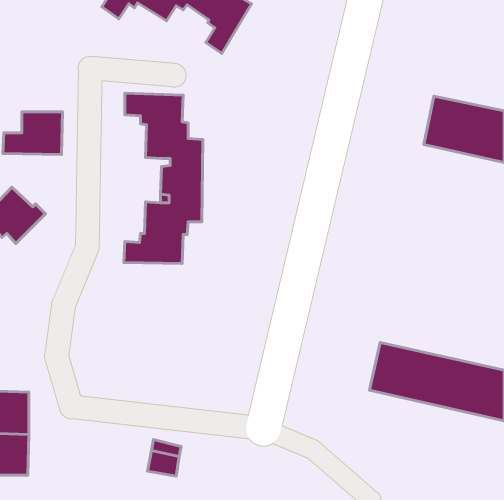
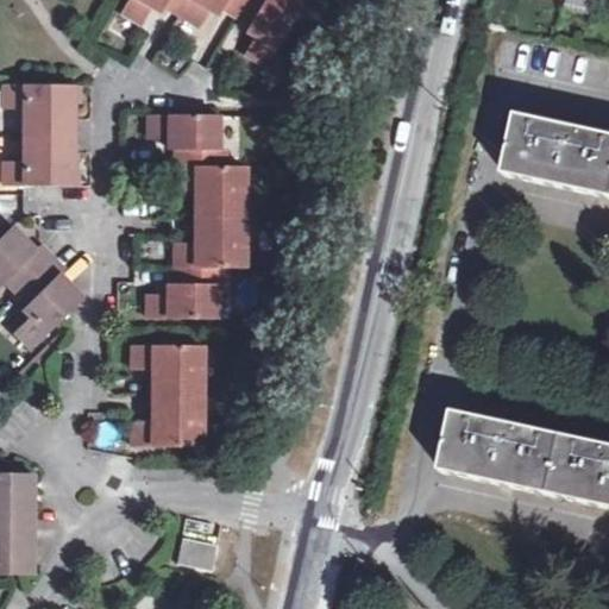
building: none -> [5,84,76,134]
building: none -> [19,257,86,346]
building: none -> [132,344,205,447]

